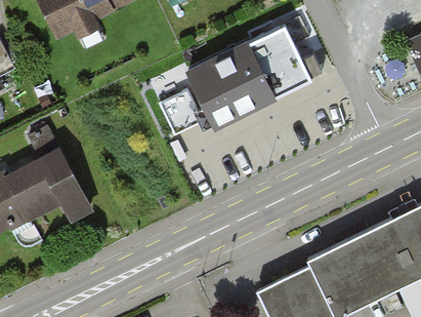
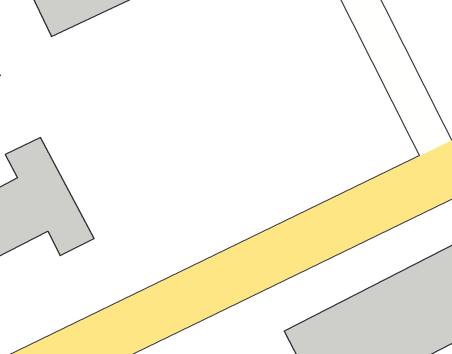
building: [174,28,321,133] -> none

